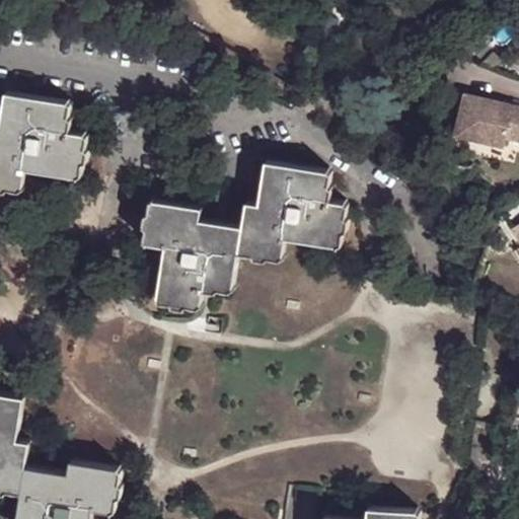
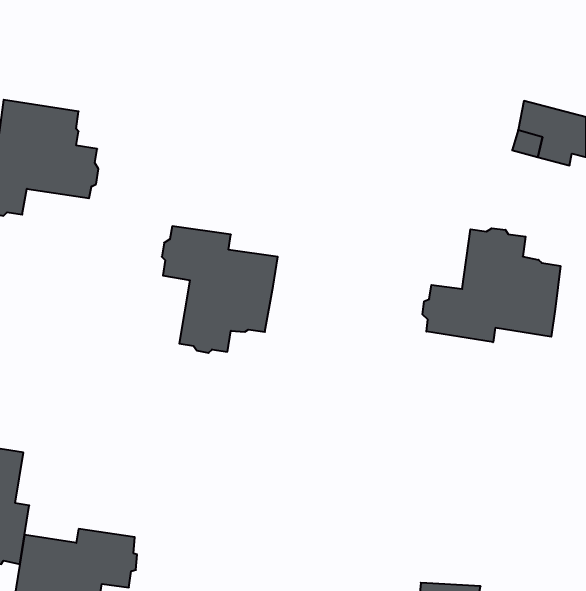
building: [236,164,346,263] -> none
building: none -> [422,228,560,342]

